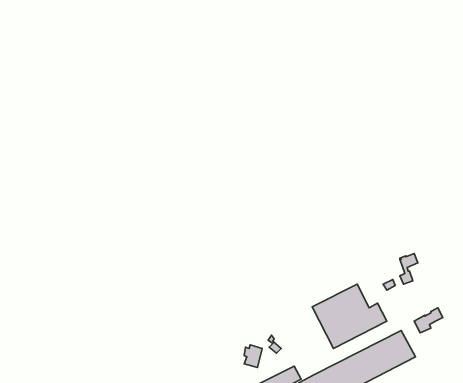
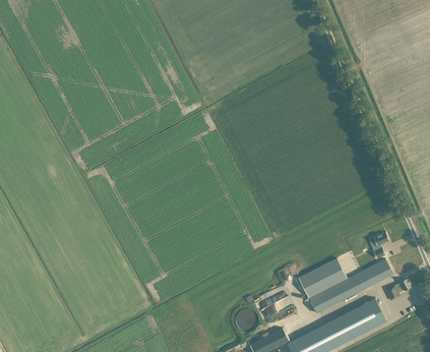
building: none -> [354,258,392,290]

